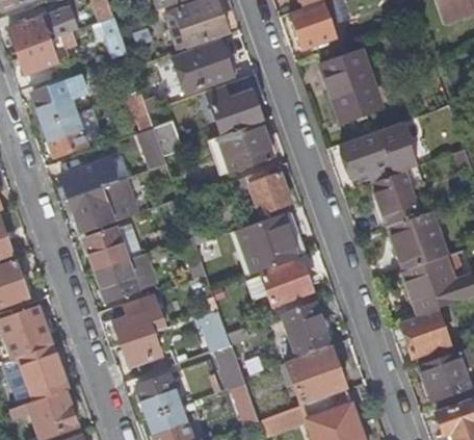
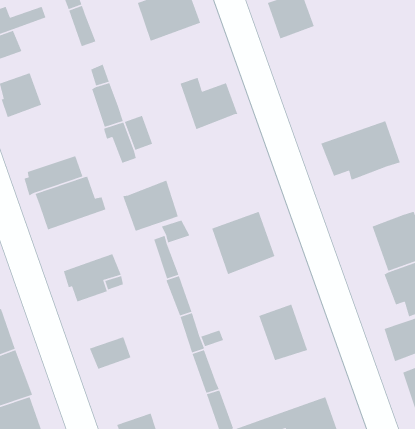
building: [173,41,232,92] -> none
building: [320,51,377,123] -> none
building: [43,111,86,154] -> none
building: [217,121,271,171] -> [122,180,179,232]
building: [247,169,291,213] -> none
building: [372,171,420,227] -> none
building: [86,227,128,269] -> none
building: [246,261,311,305] -> none
building: [113,306,165,343] -> none
building: [286,345,346,405] -> none
building: [137,373,180,416] -> none

